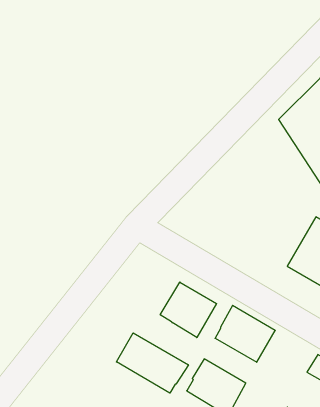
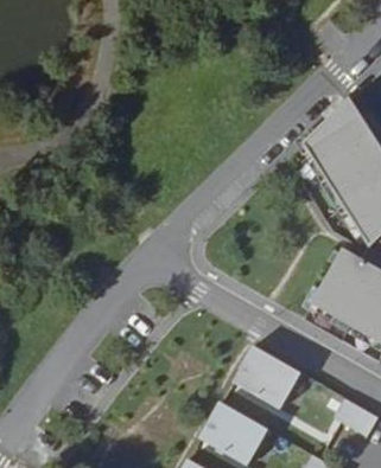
building: [160,282,217,338] -> none
building: [116,333,188,393] -> none

